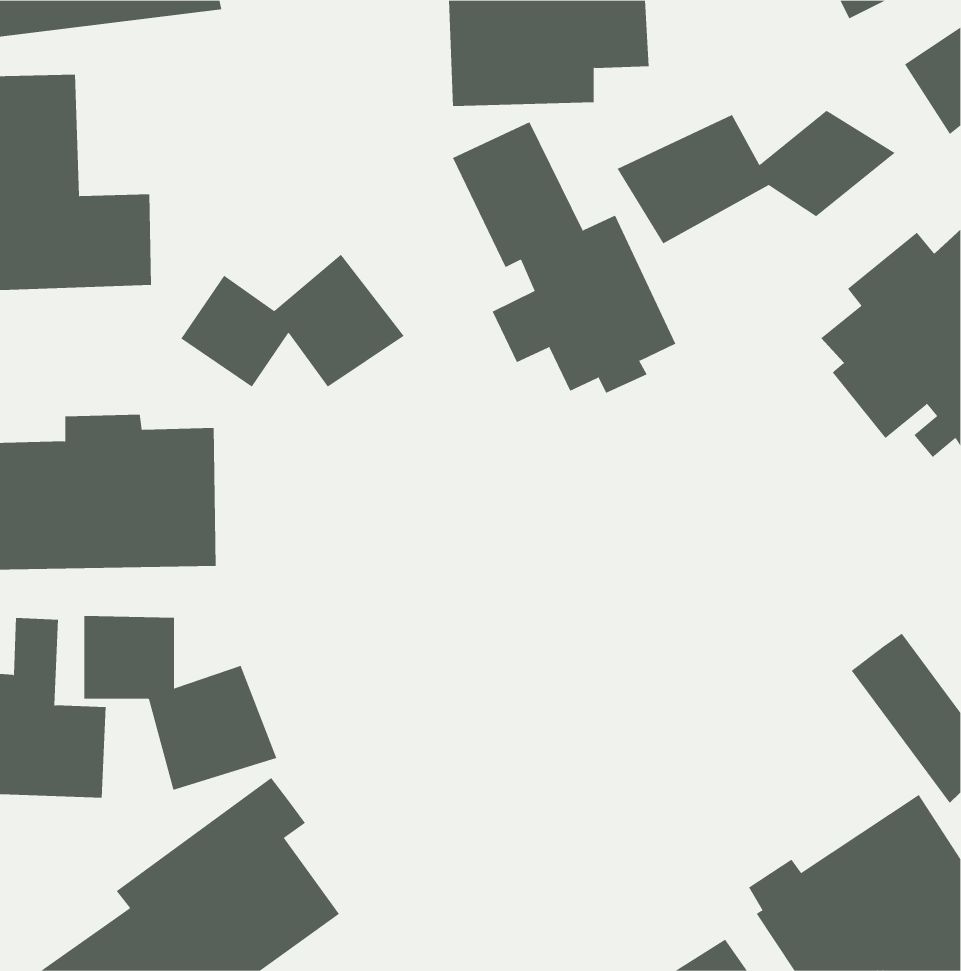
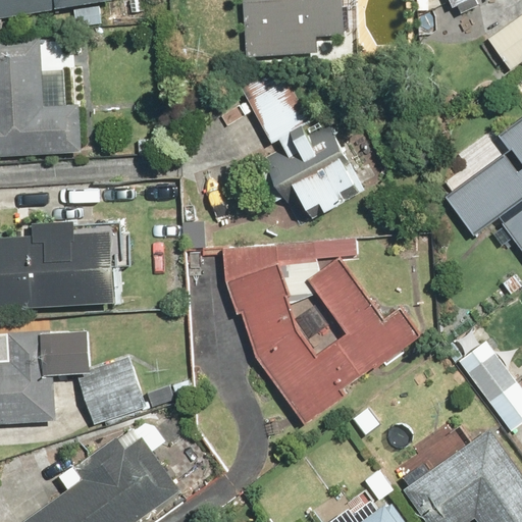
building: [617,110,896,244] -> none
building: [180,254,405,388] -> none
building: none -> [222,237,419,424]

